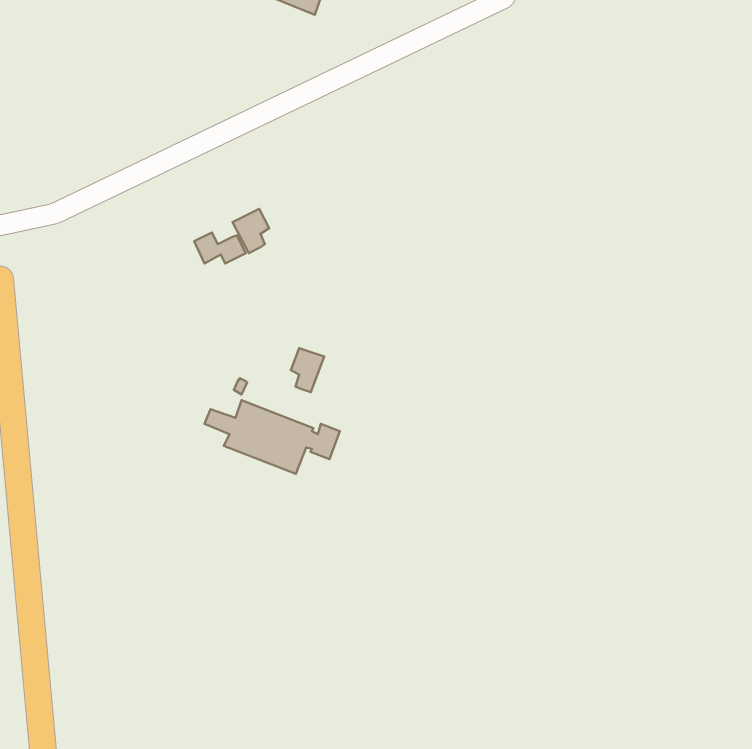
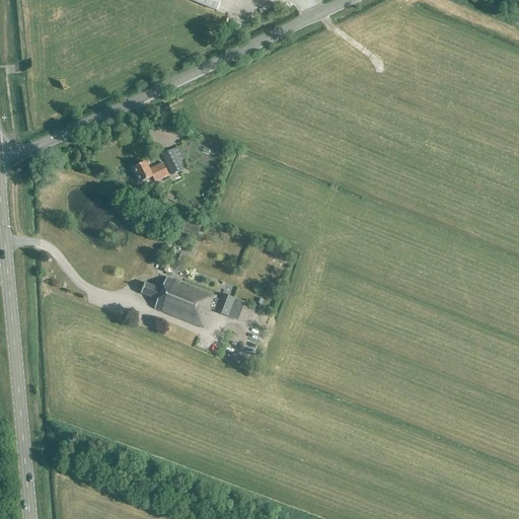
building: [291,348,324,392] -> none

